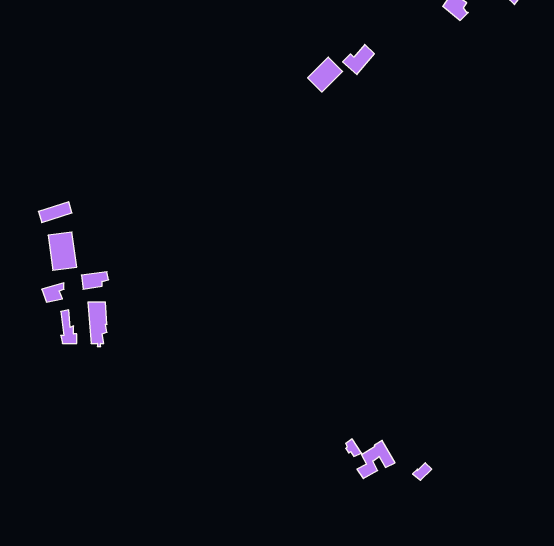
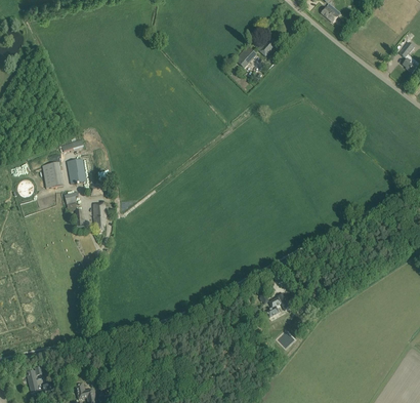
building: none -> [42,162,64,188]

